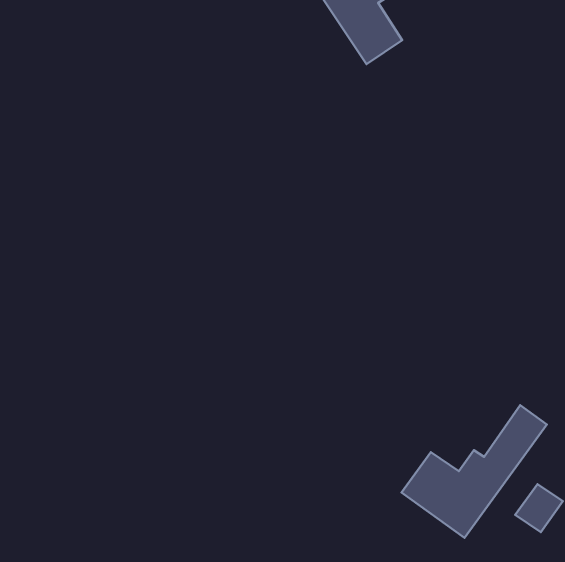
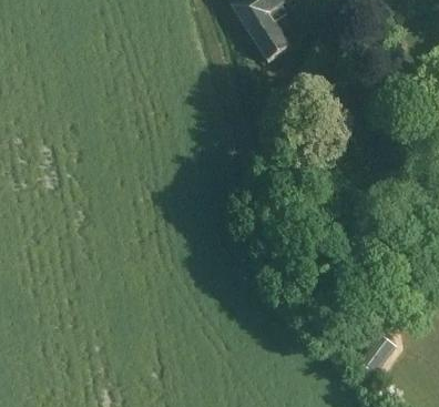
building: [401,405,547,538] -> none

